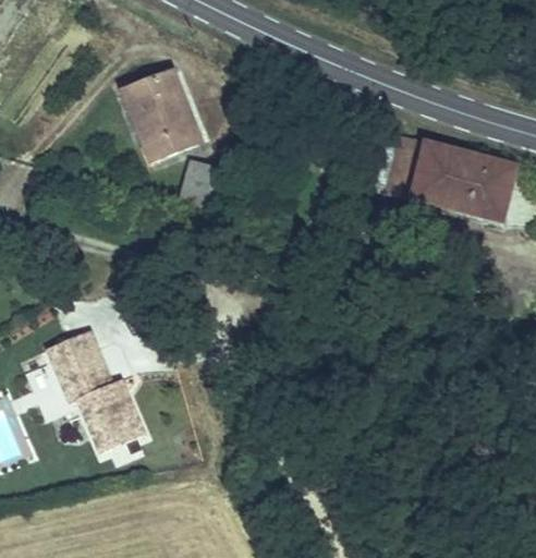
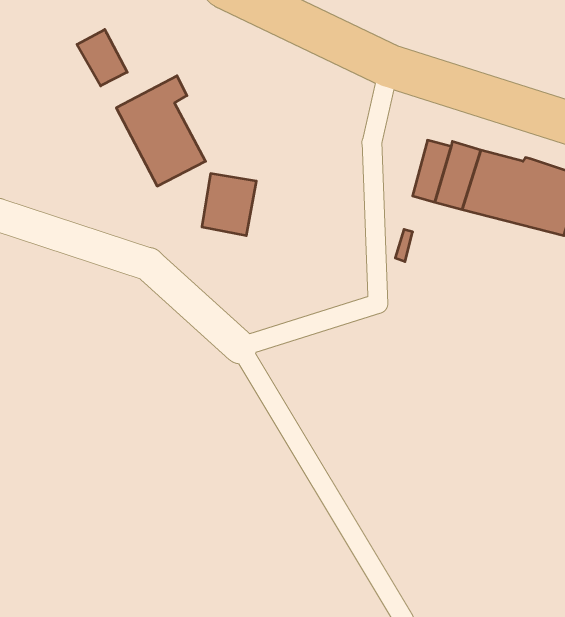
building: none -> [77,29,127,86]
building: [46,331,135,451] -> none

